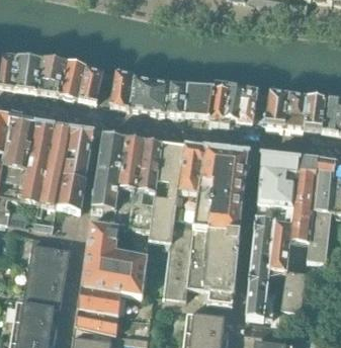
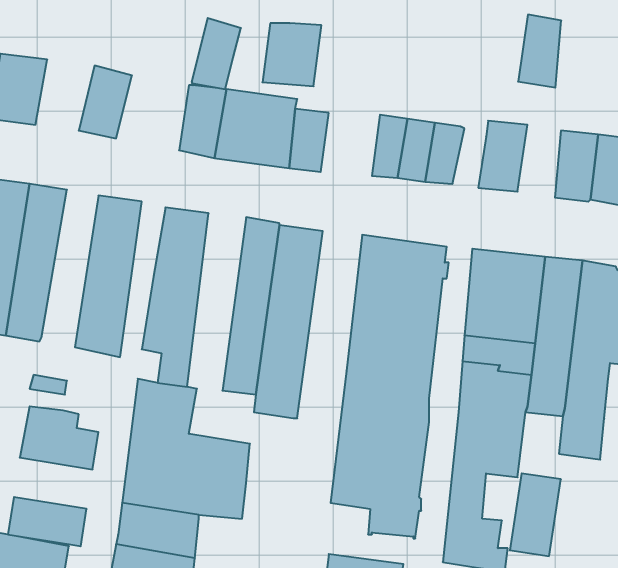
building: [36,57,67,93] -> none
building: [78,65,103,101] -> [192,18,241,89]
building: [183,84,214,116] -> [262,23,321,86]
building: [284,90,307,127] -> [518,15,561,88]
building: [36,123,69,212] -> none
building: [114,135,145,227] -> none
building: [163,145,204,297] -> none
building: [25,261,66,287] -> none

